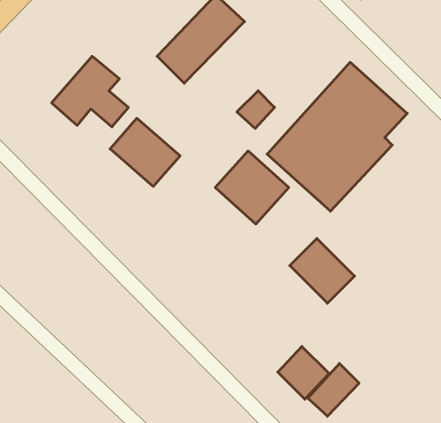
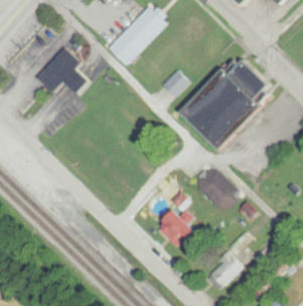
building: [110,118,180,186] -> none
building: [215,151,289,224] -> none
building: [278,346,329,399] -> [159,211,193,247]

